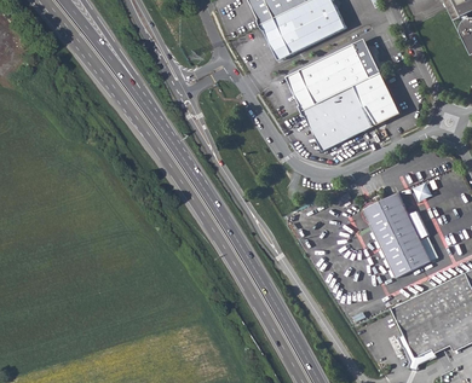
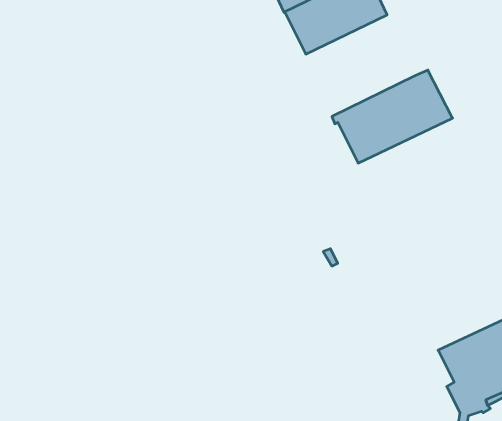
building: [287,45,370,112] -> none
building: [362,193,430,277] -> none

